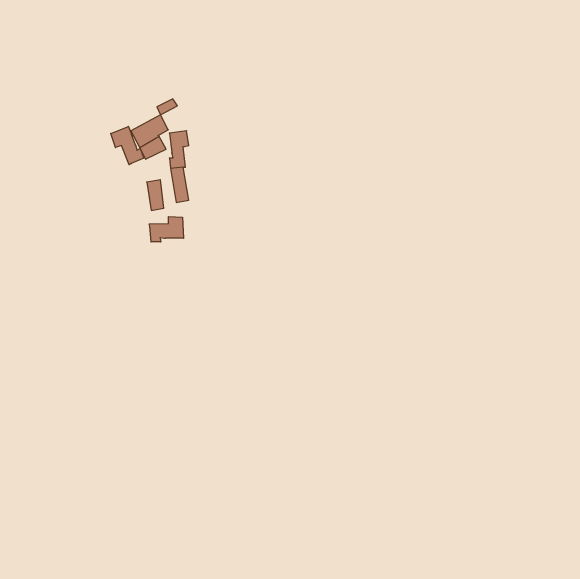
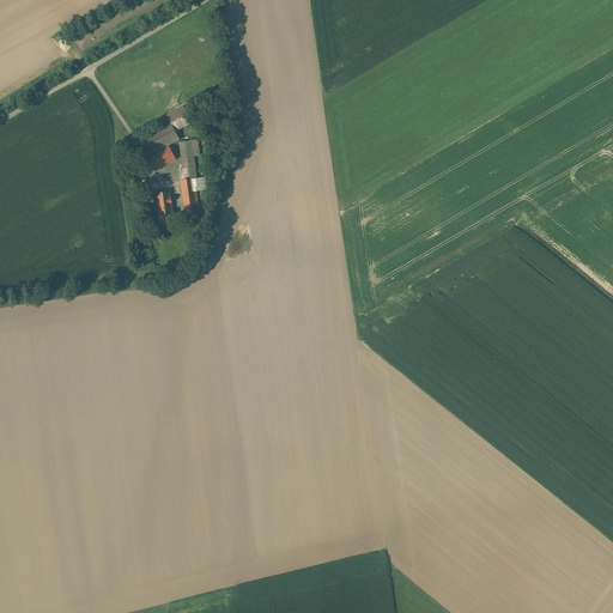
building: [111,126,144,165] -> none
building: [149,217,184,242] -> none

